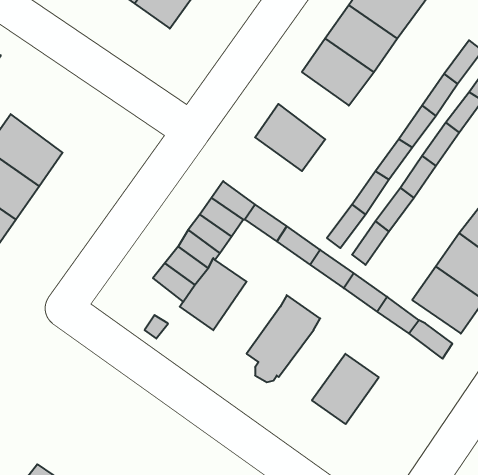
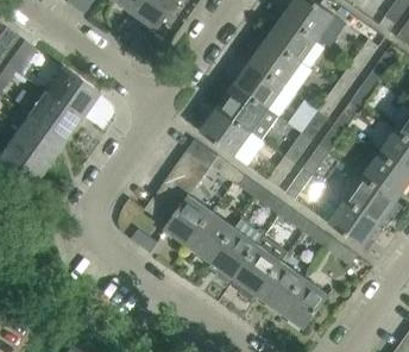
building: none -> [233,62,283,109]
building: none -> [43,68,97,119]
building: none -> [200,108,250,156]
building: none -> [187,210,234,262]
building: none -> [233,237,287,298]
building: none -> [281,278,328,328]

